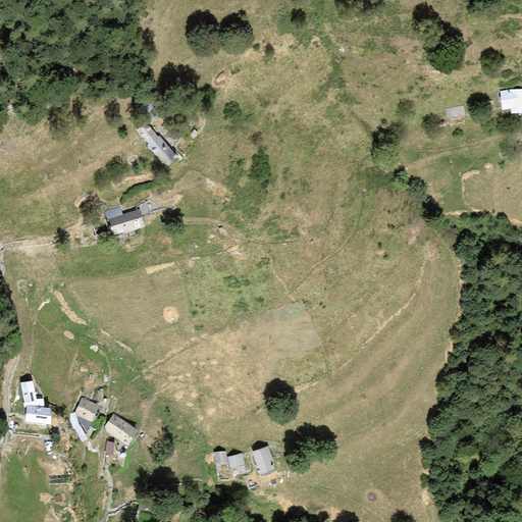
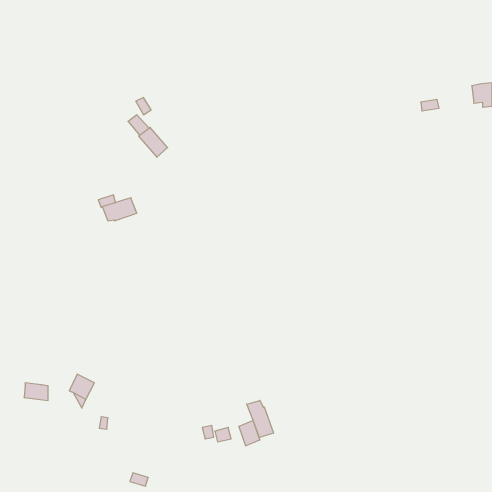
building: [20,380,44,407] -> none
building: [103,413,138,445] -> none
building: none -> [247,400,273,438]

